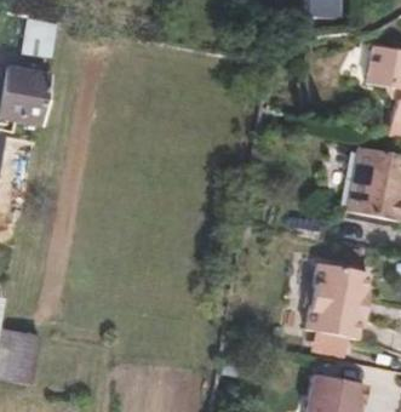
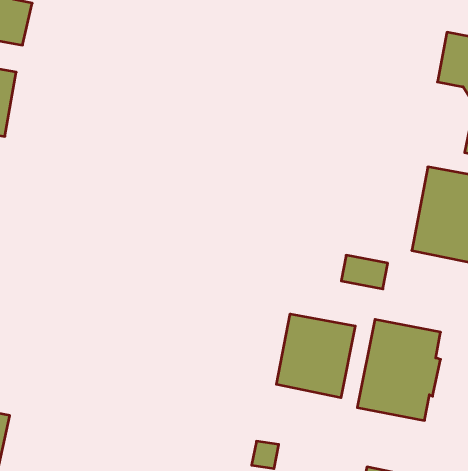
building: none -> [276,314,355,398]

